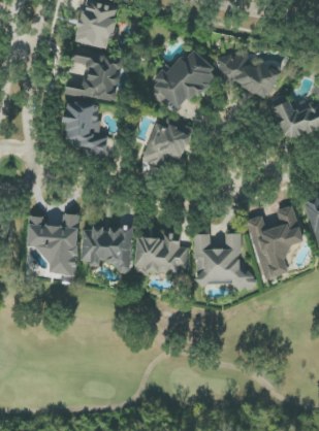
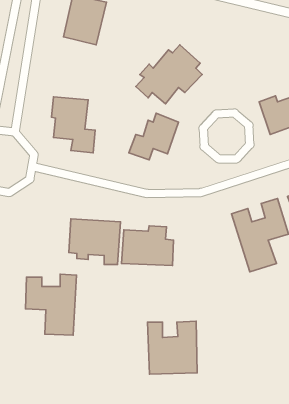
building: [65,49,122,102] -> none
building: [216,53,279,98] -> none
building: [27,213,78,275] -> [25,274,76,335]
building: [194,233,245,287] -> [147,321,197,374]

